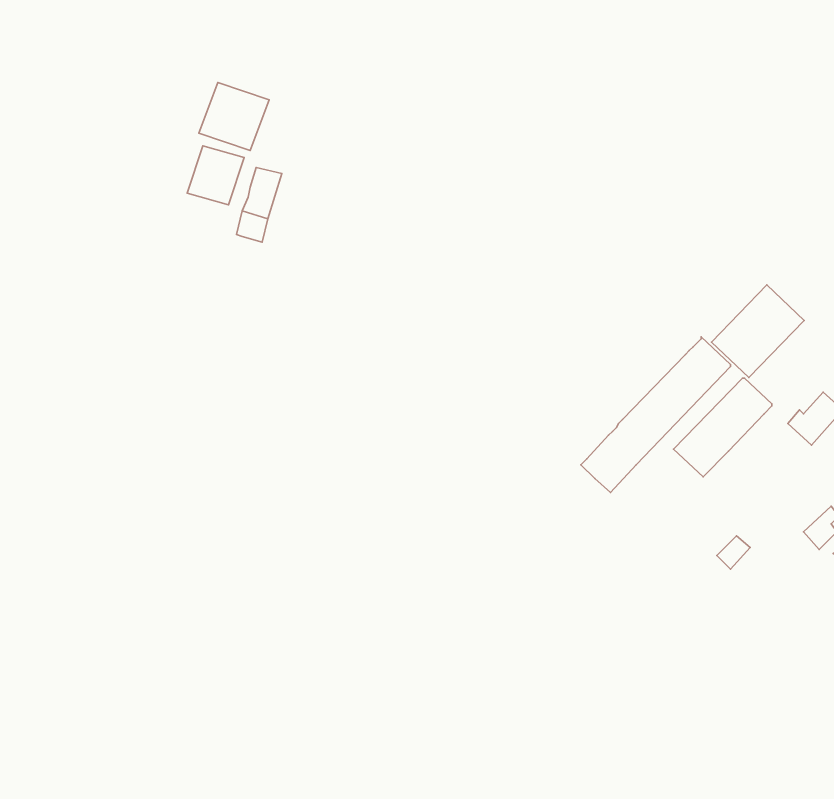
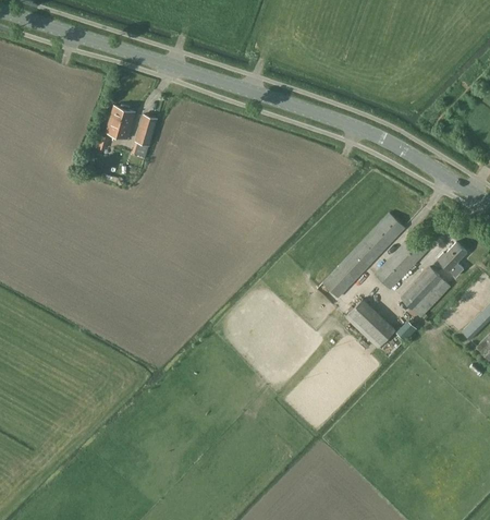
building: [199,83,269,150] -> none
building: [712,285,804,378] -> [400,266,451,317]
building: none -> [345,298,396,348]

